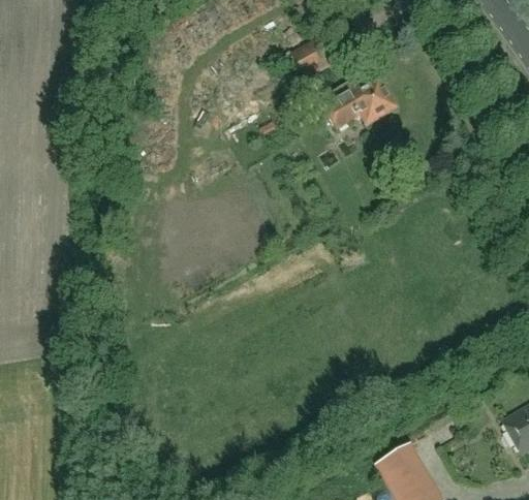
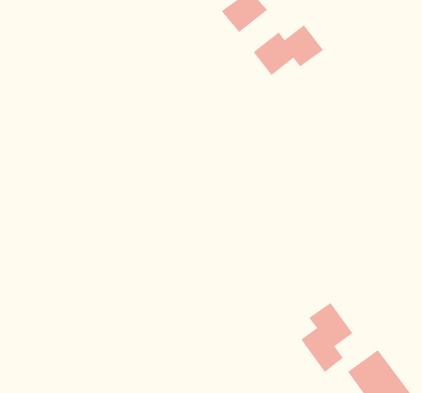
building: none -> [300,302,353,373]

